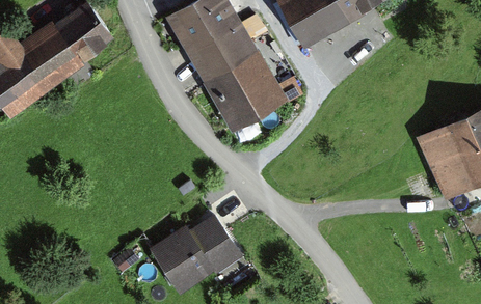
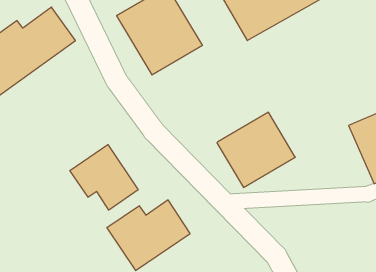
building: [201,50,286,132] -> [217,112,295,188]
building: none -> [70,145,138,210]

